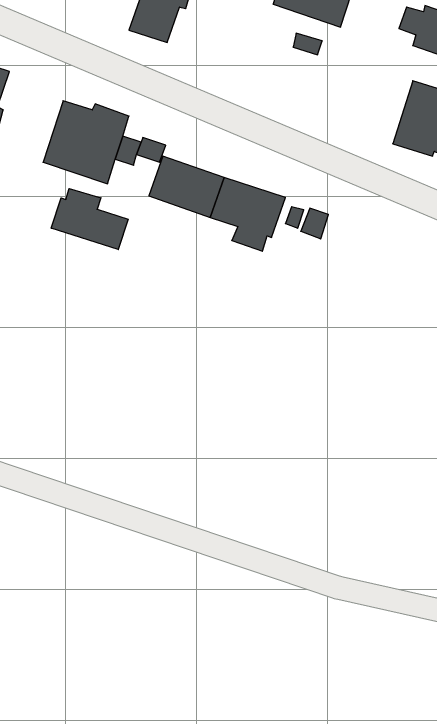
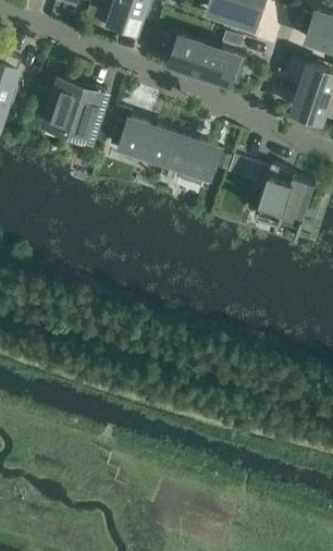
building: none -> [170,37,245,86]
building: [51,189,128,250] -> none
building: none -> [252,164,312,240]

